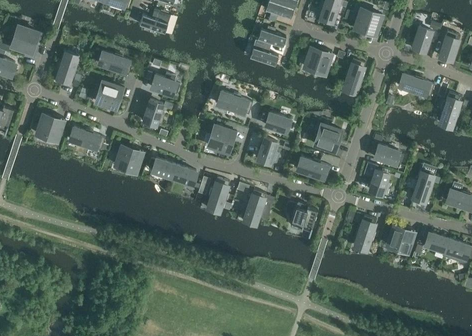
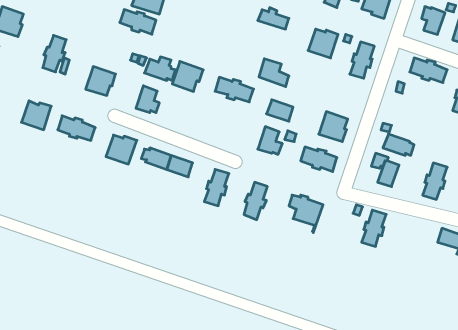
building: [249,40,277,66] -> [259,59,289,87]
building: [98,52,132,75] -> [120,10,156,34]
building: [207,125,236,153] -> [172,61,203,91]
building: [386,226,414,252] -> none

